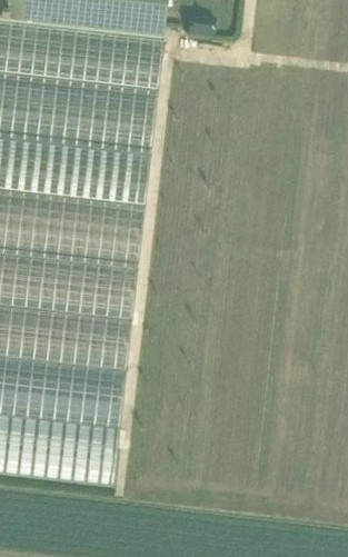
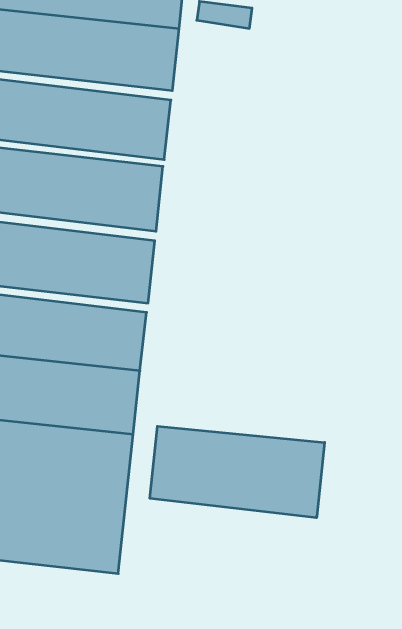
building: none -> [150,426,325,518]

